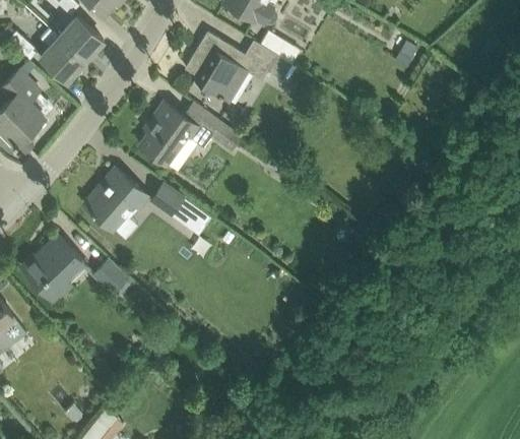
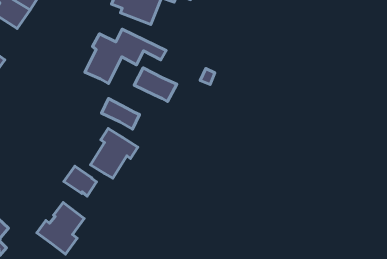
building: none -> [134,68,177,102]
building: [87,169,148,230] -> [90,128,138,178]
building: [21,238,81,301] -> [37,203,84,254]

